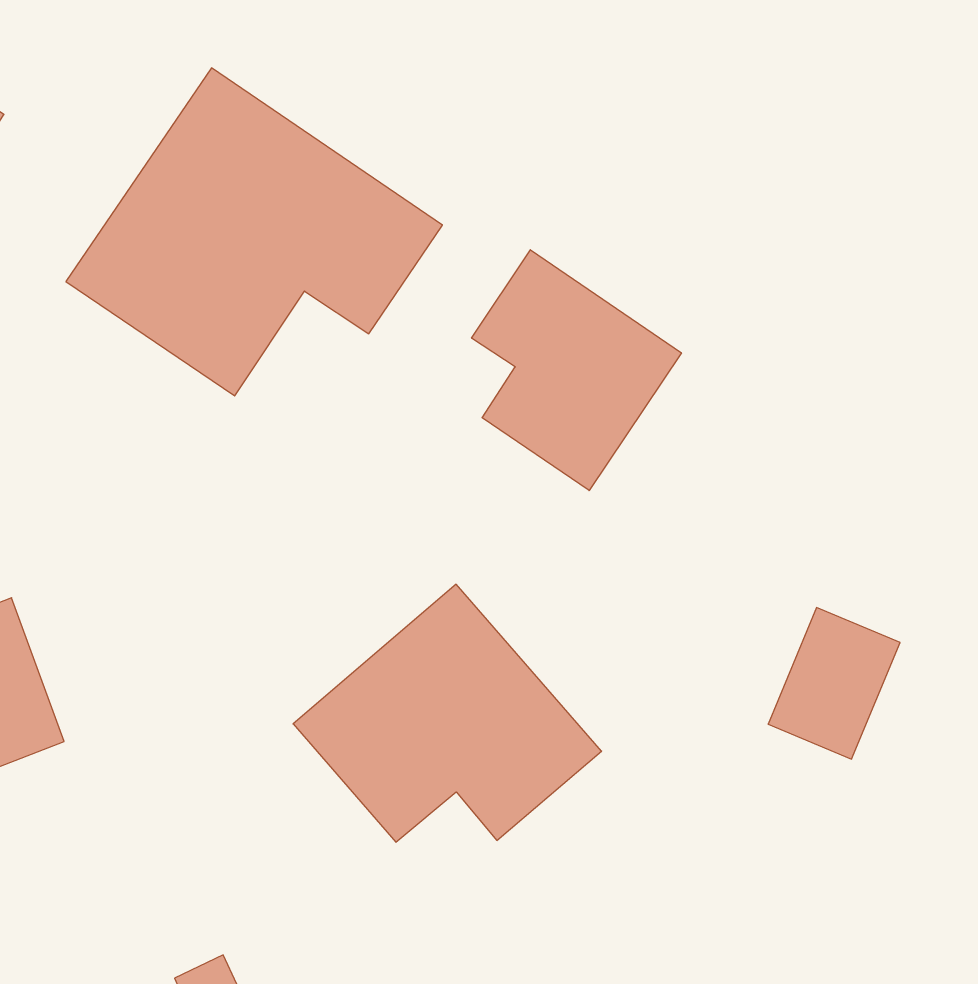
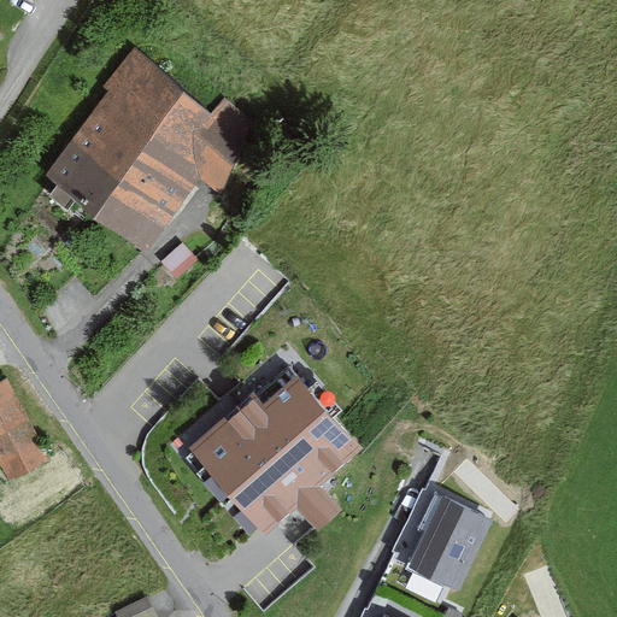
building: [472,250,681,491] -> none
building: [768,608,900,759] -> [404,496,486,590]

